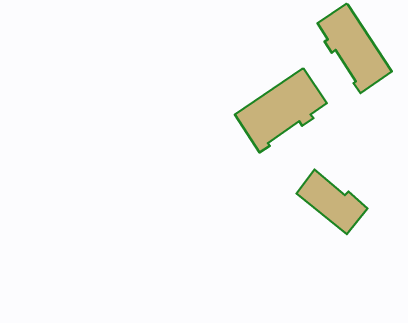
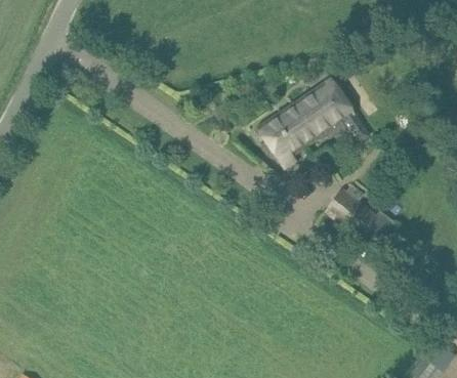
building: [317,4,392,93] -> none

